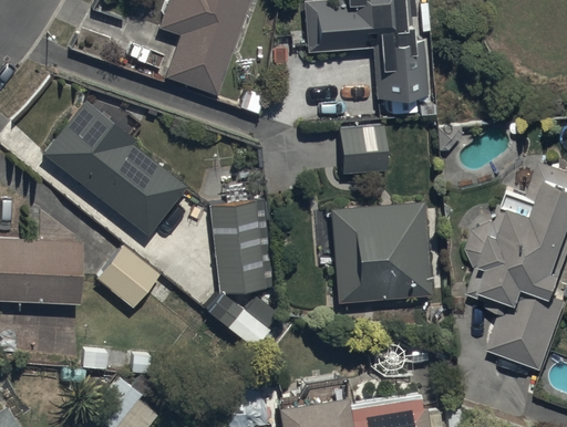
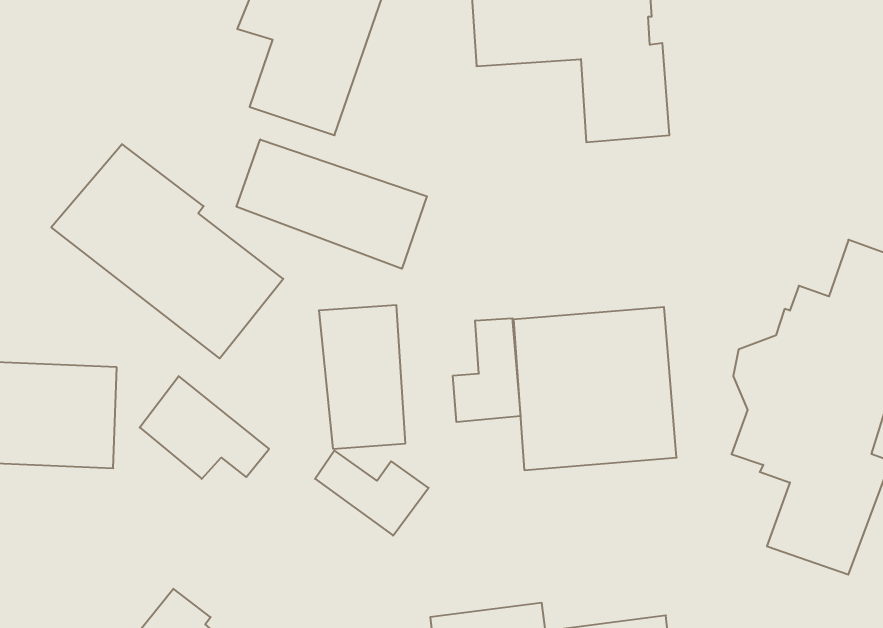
building: none -> [236,139,427,269]
building: [337,126,385,173] -> none
building: none -> [453,318,520,422]

